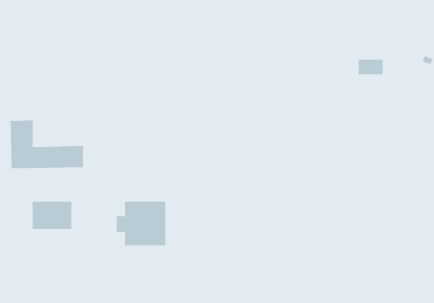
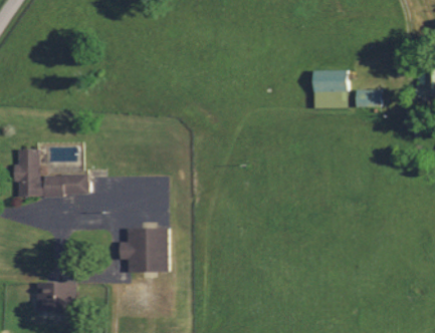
building: none -> [311,69,349,91]
building: [32,201,72,230] -> [36,282,75,310]

